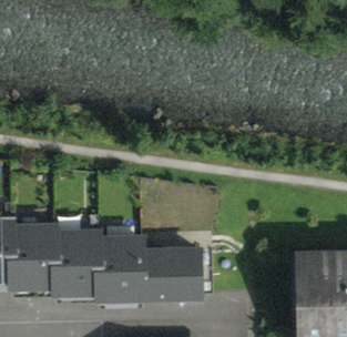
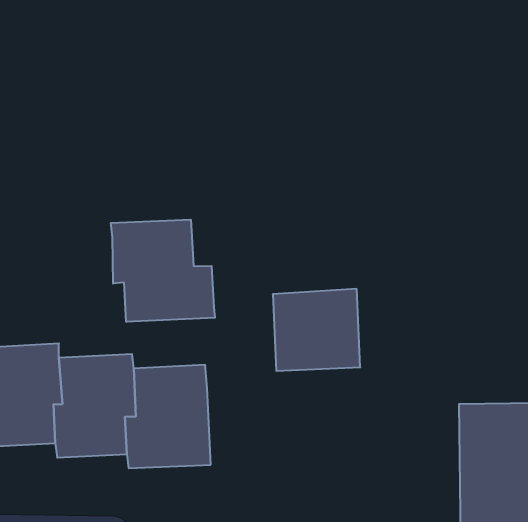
building: none -> [111,220,215,322]
building: [145,247,200,298] -> [273,289,360,371]

